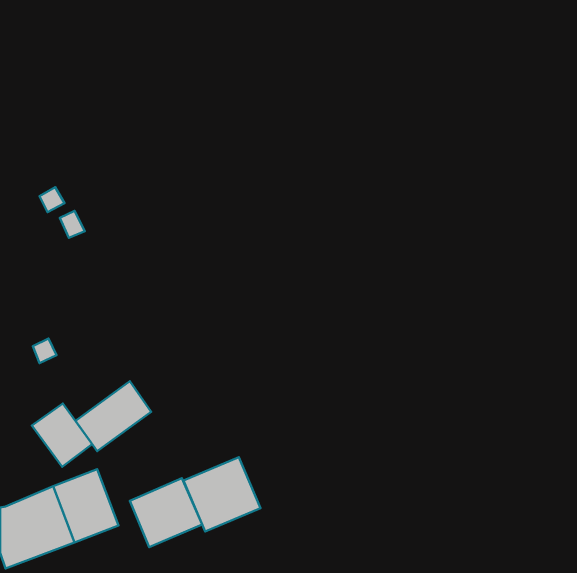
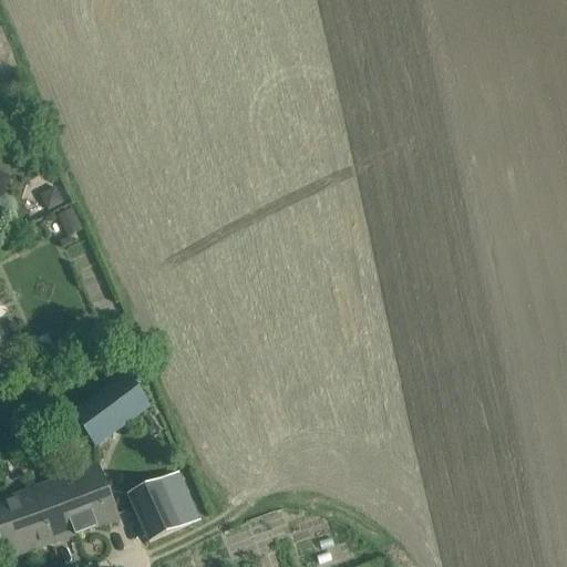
building: [32,403,92,467] -> none
building: [183,457,260,532] -> none

